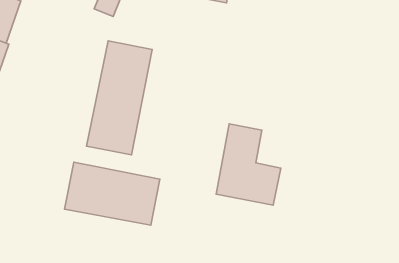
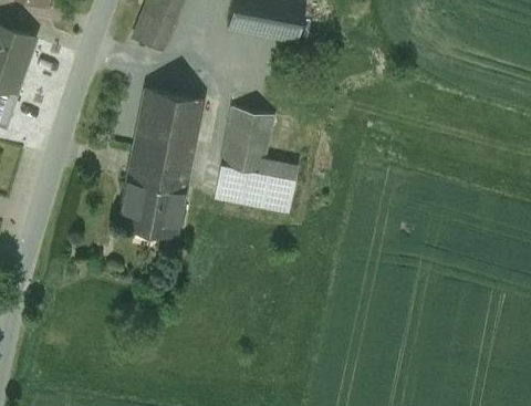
building: [216,124,281,205] -> [215,107,298,211]
building: [64,162,160,225] -> none

